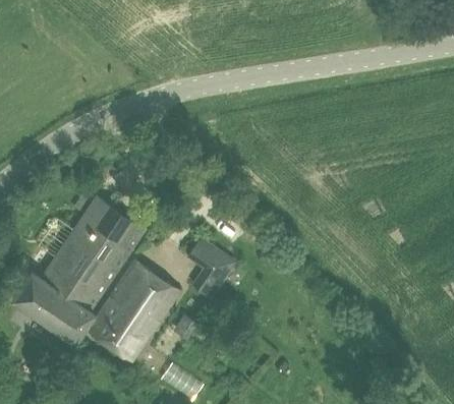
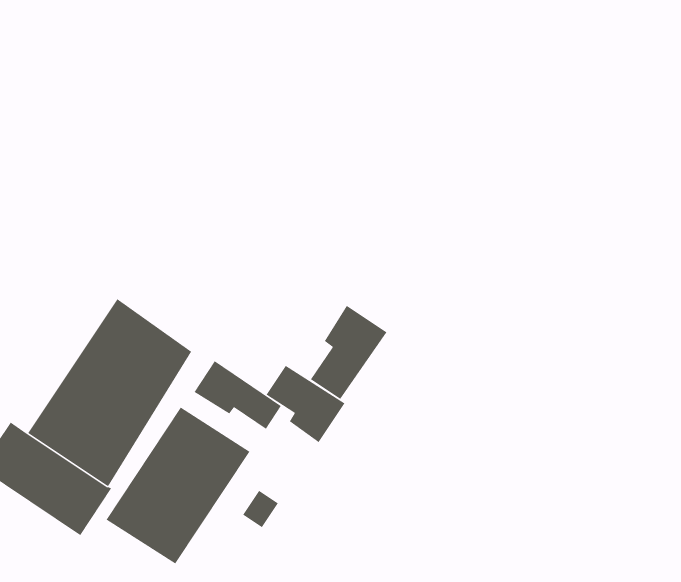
building: none -> [310,305,387,400]
building: none -> [193,360,282,430]

